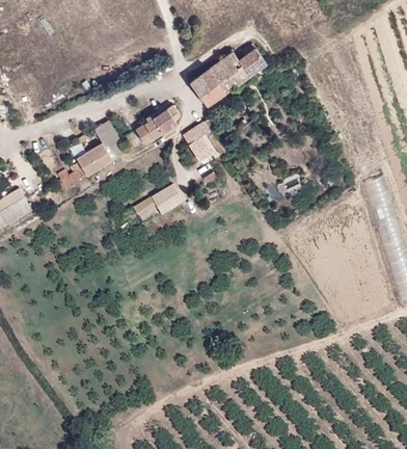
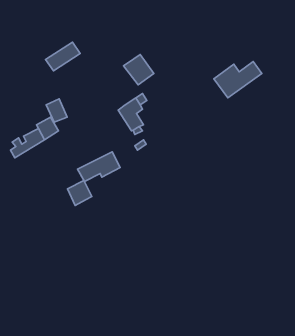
building: [209,47,266,90] -> [214,61,262,98]
building: [135,108,177,142] -> [46,42,80,71]
building: none -> [68,181,92,205]

